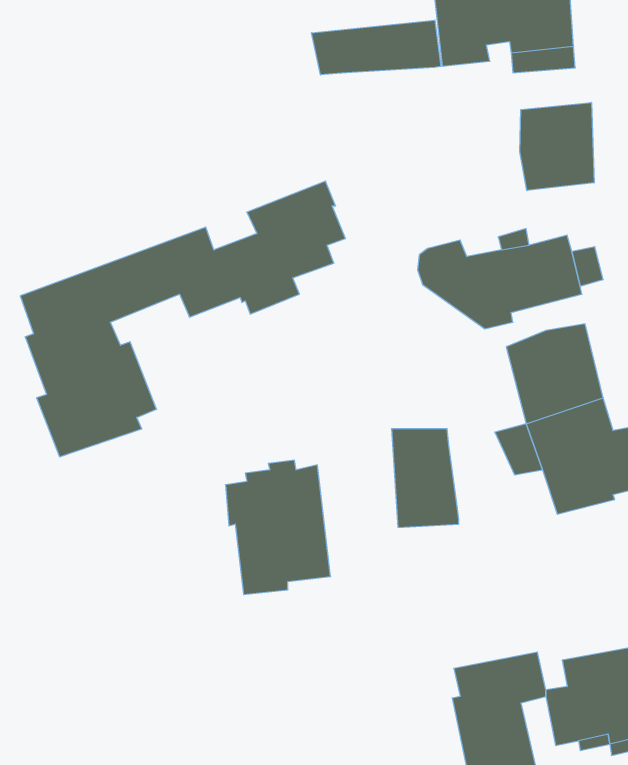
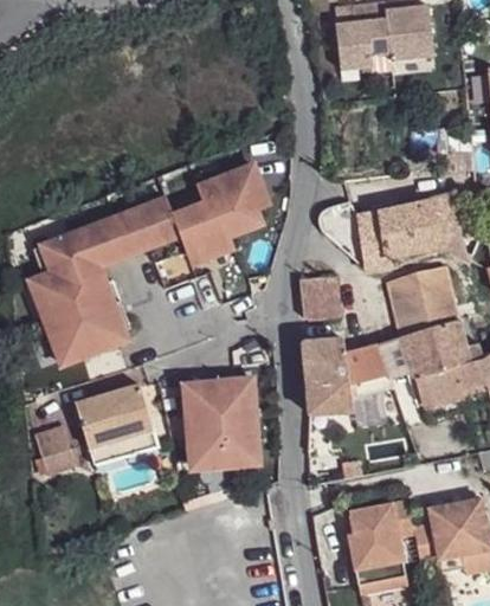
building: [312,20,441,75] -> none
building: [520,102,594,191] -> none
building: none -> [299,276,340,322]
building: none -> [343,343,393,397]
building: none -> [39,381,159,475]

